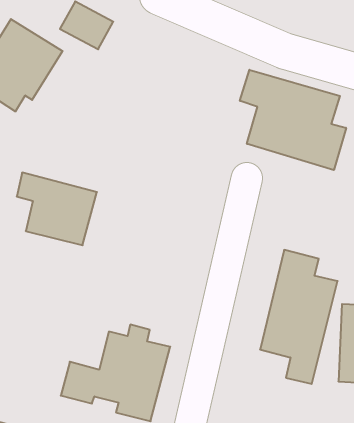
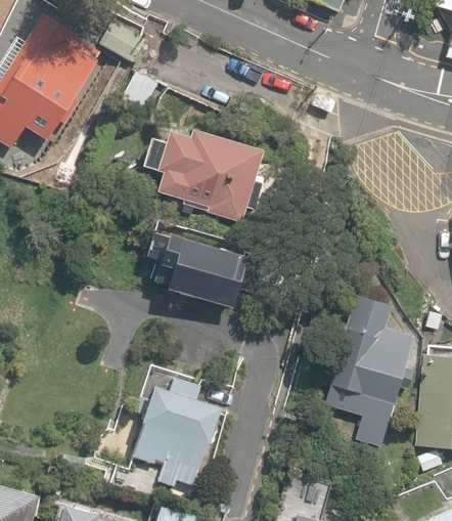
building: [240,70,346,170] -> none
building: none -> [142,120,270,224]
building: [17,173,97,245] -> [154,229,246,313]

